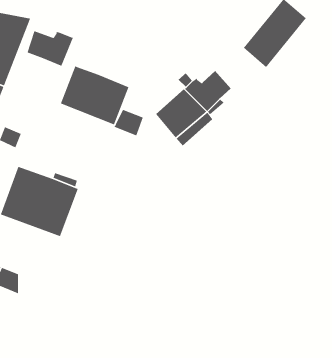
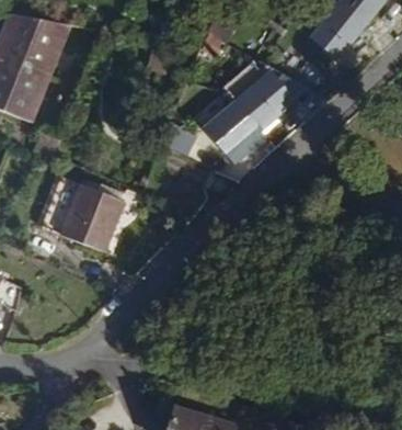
building: [26,30,74,67] -> none
building: [60,65,129,125] -> none

